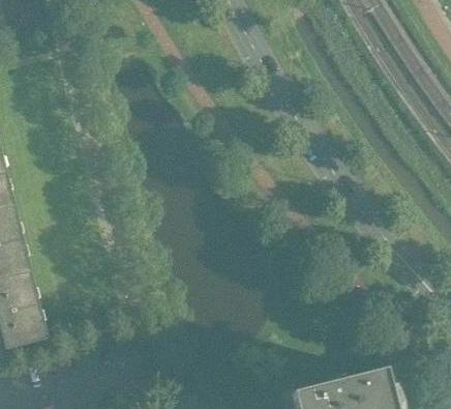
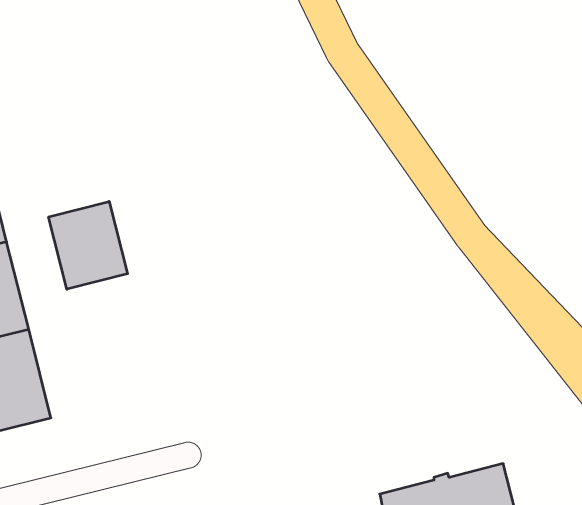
building: none -> [49,201,128,289]

